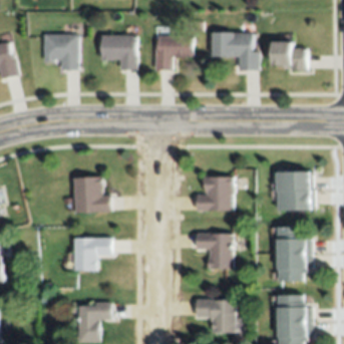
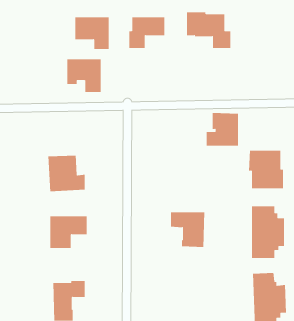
building: [42,35,77,69] -> [66,59,101,93]
building: [273,41,306,71] -> none
building: [198,176,231,210] -> [206,112,239,146]
building: [196,298,234,332] -> none

